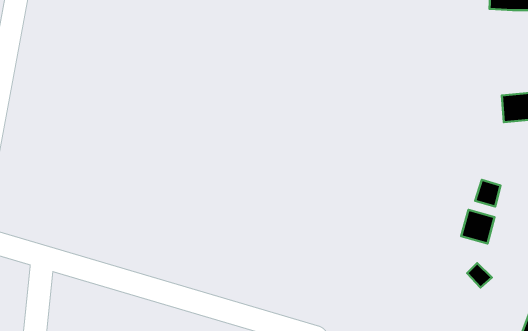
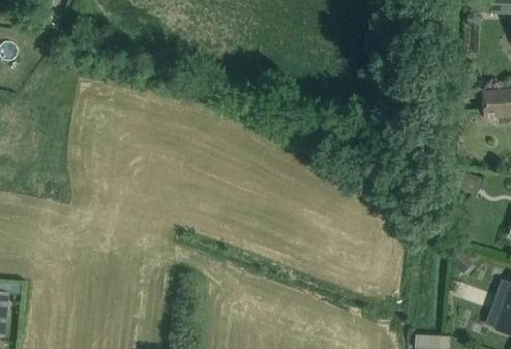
building: [461,210,494,243] -> none

